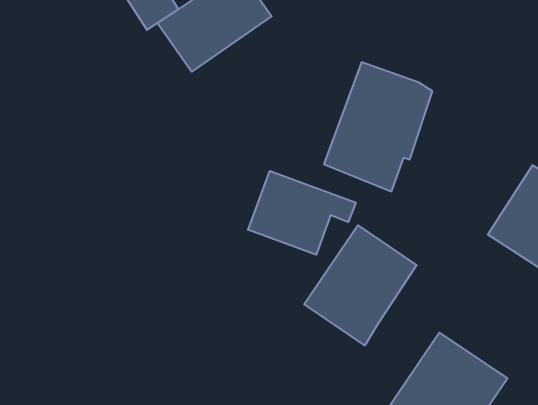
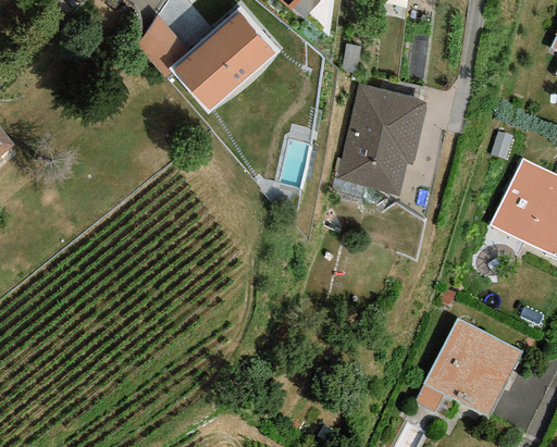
building: [248,171,356,255] -> none
building: [304,225,417,346] -> none

